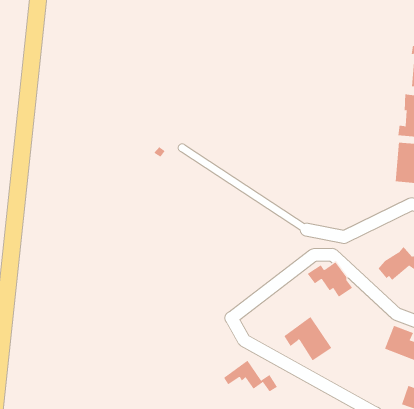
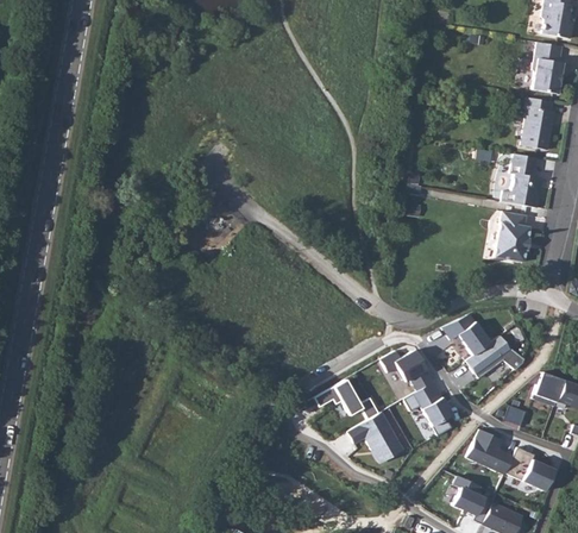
building: none -> [446,314,492,351]
building: none -> [404,381,453,434]
building: [223,360,278,392] -> [315,378,379,419]
building: none -> [453,475,492,523]

